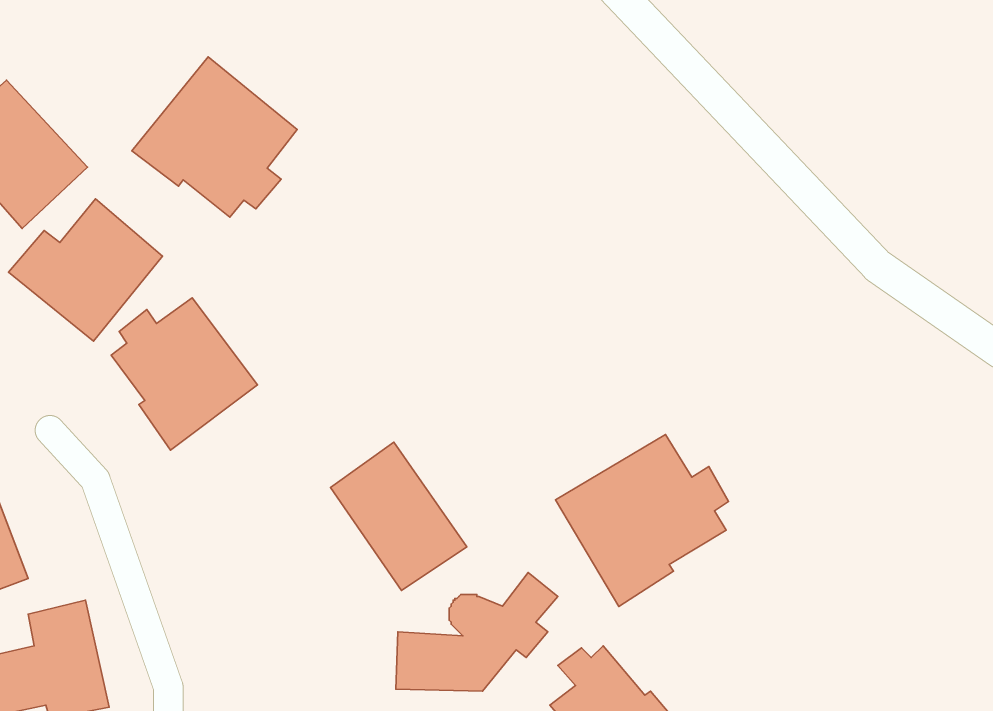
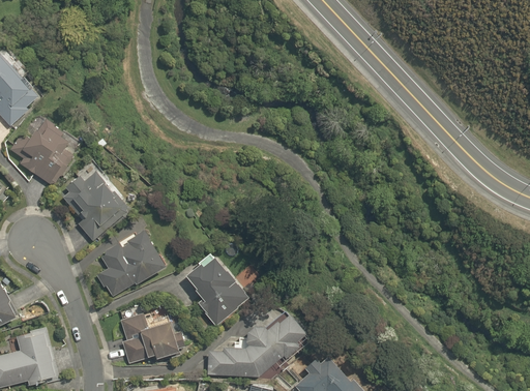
building: [132,57,297,217] -> none
building: none -> [98,230,172,302]
building: [556,435,728,606] -> none
building: none -> [115,306,181,366]

